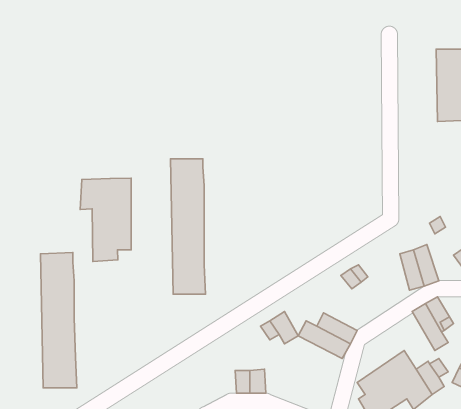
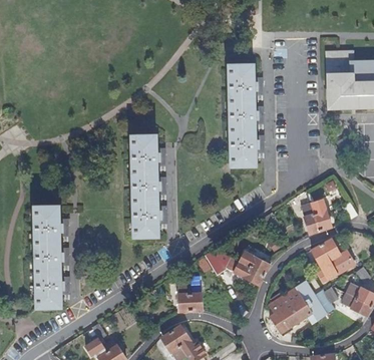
building: none -> [228,65,255,166]
building: [80,178,131,262] -> none

